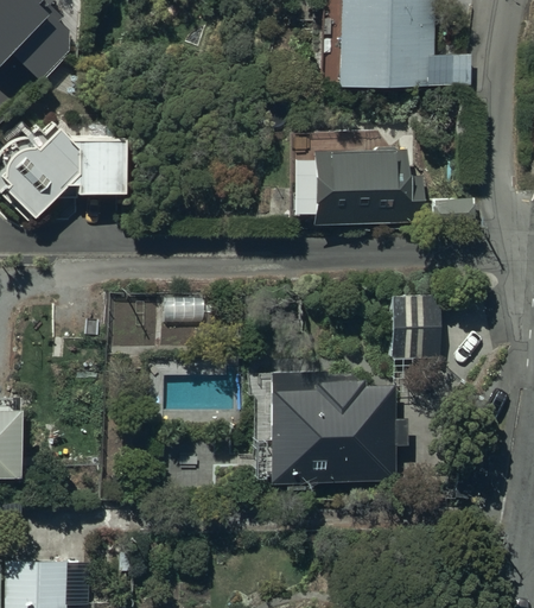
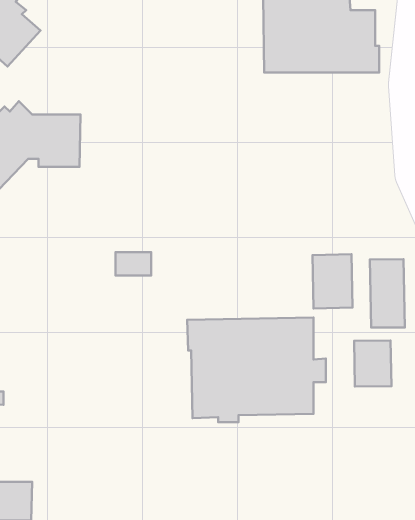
building: [291,131,426,227] -> none
building: none -> [370,259,405,328]
building: none -> [354,341,391,387]

